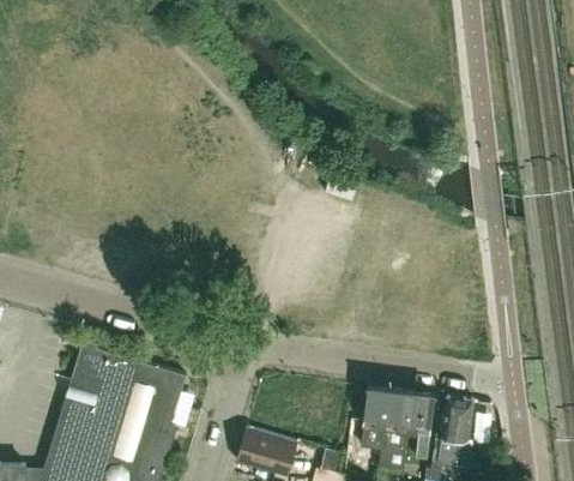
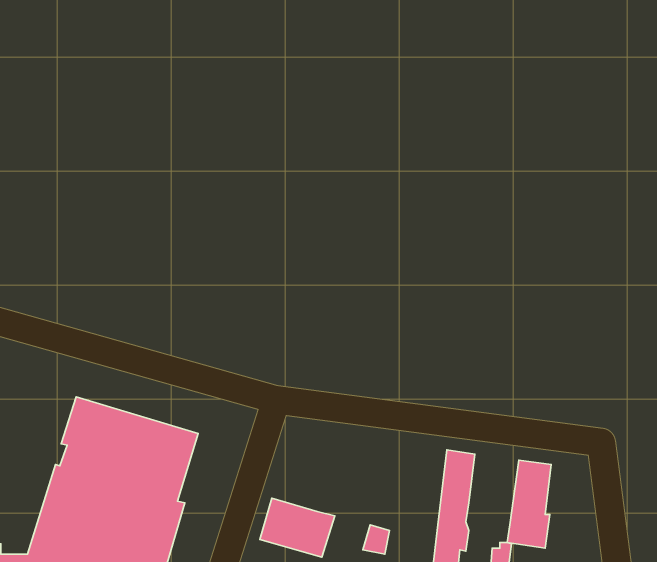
building: [359,385,388,449] -> none
building: [406,391,434,459] -> none

